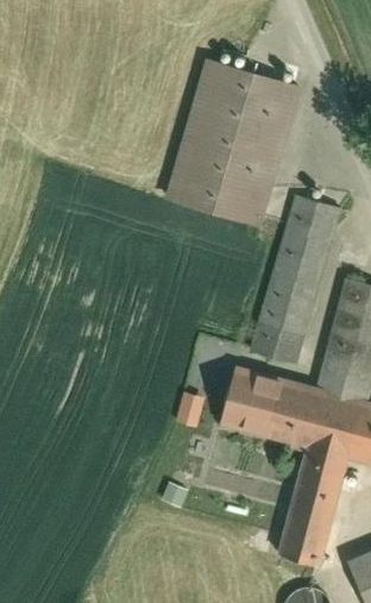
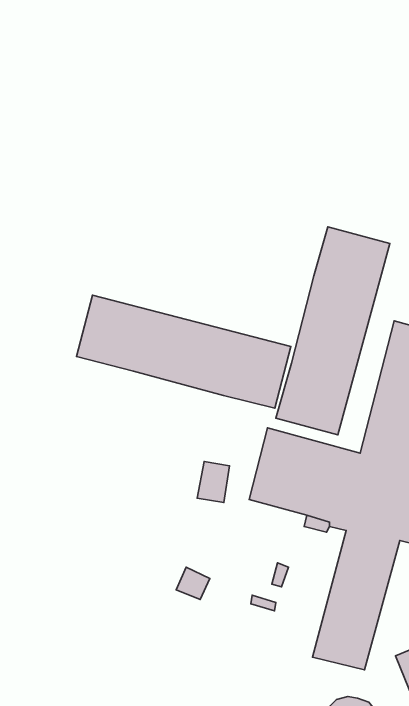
building: [164,56,303,228] -> none
building: none -> [76,295,291,408]

